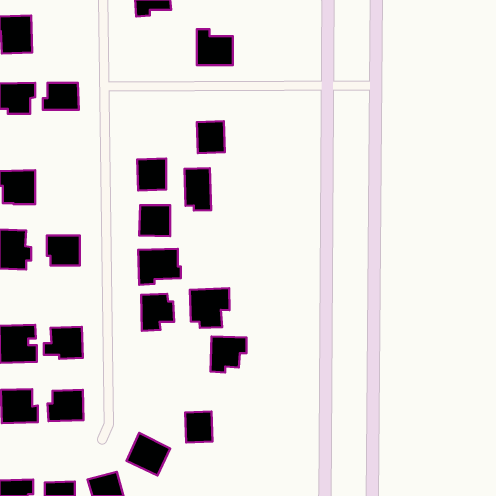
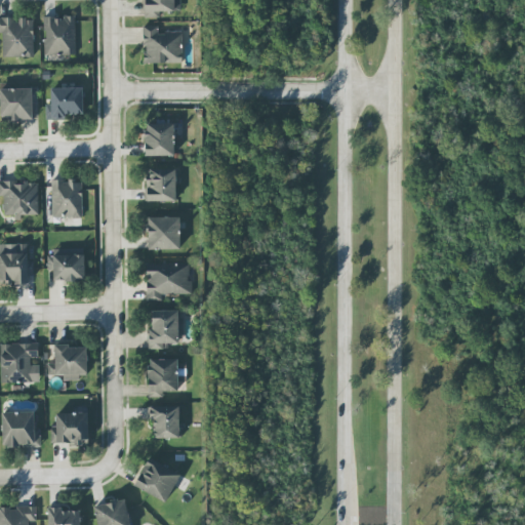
building: none -> [43,15,75,54]
building: [197,29,233,65] -> [144,25,181,63]
building: [197,121,225,153] -> [145,122,174,156]
building: [184,168,211,211] -> none
building: none -> [50,179,82,216]
building: [190,288,230,328] -> none
building: [211,336,247,372] -> [148,359,186,397]
building: [185,412,213,443] -> [151,405,179,438]

